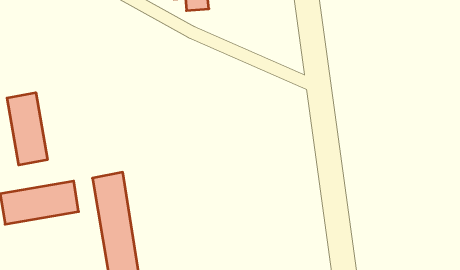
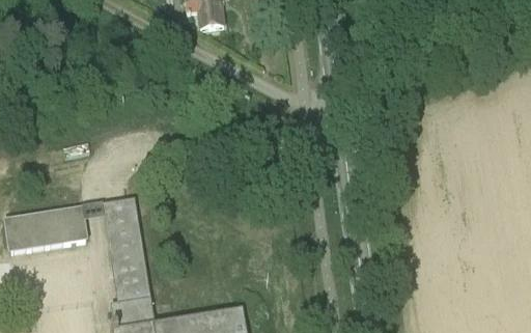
building: [7,93,47,165] -> none

